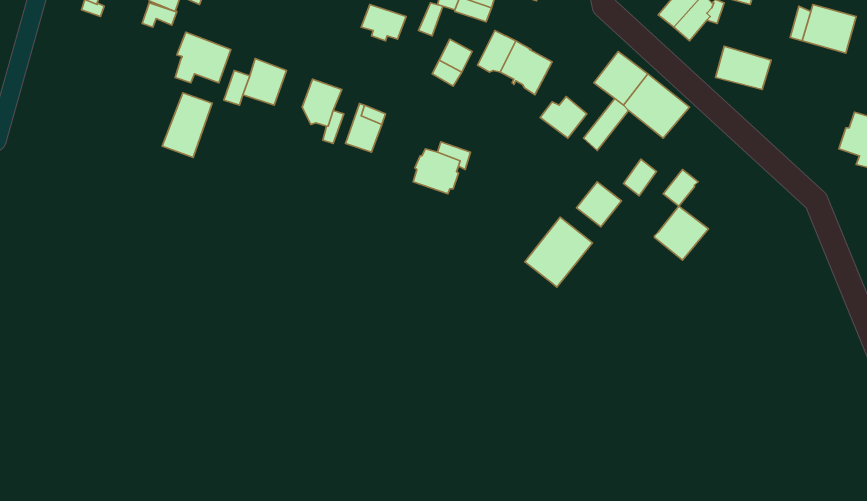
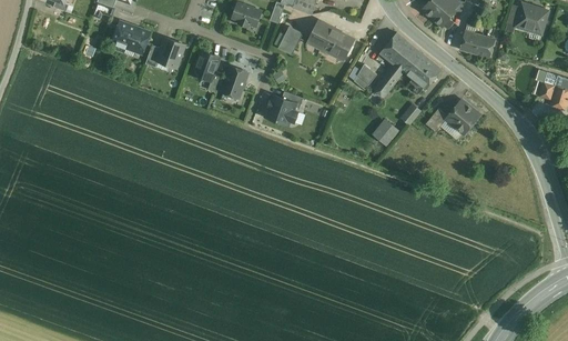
building: [162,93,212,158] -> none
building: [655,206,708,260] -> [445,100,479,134]
building: [525,217,592,287] -> none

